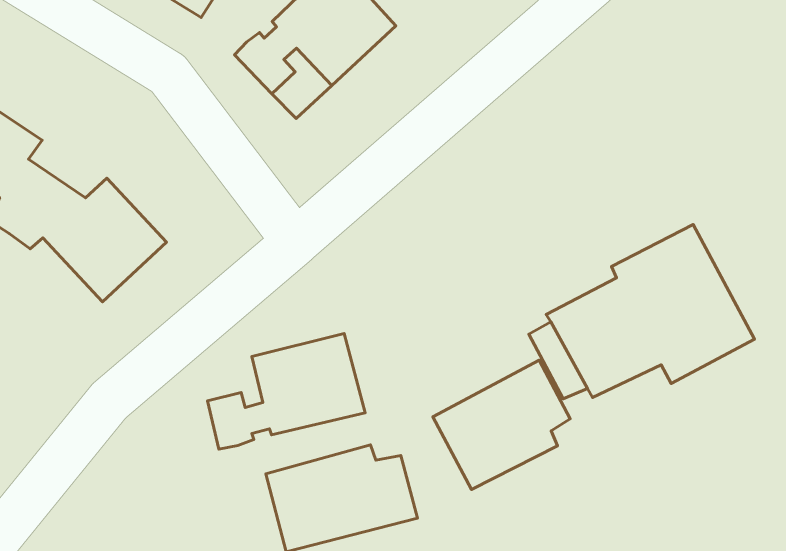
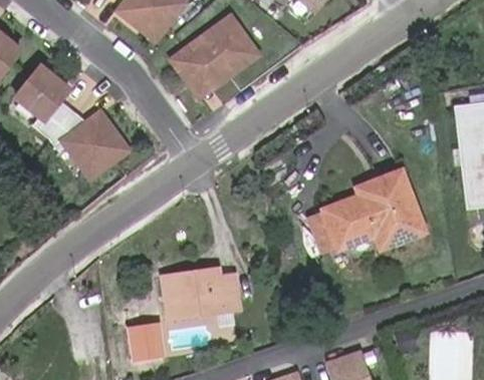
building: [207,333,365,449] -> none
building: [433,360,570,489] -> none

